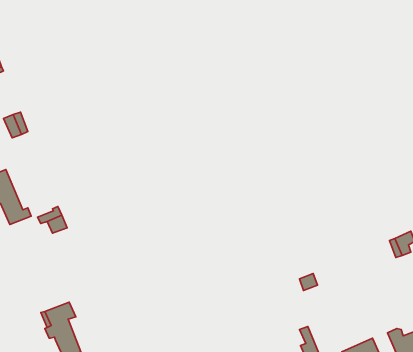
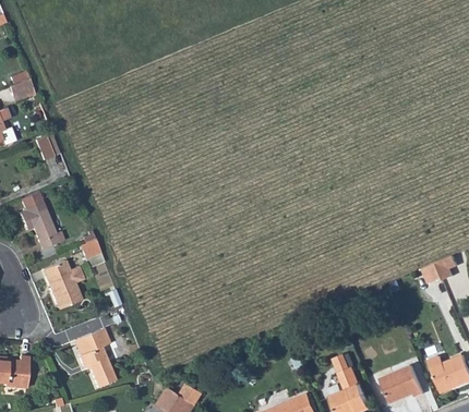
building: none -> [41,260,82,308]

